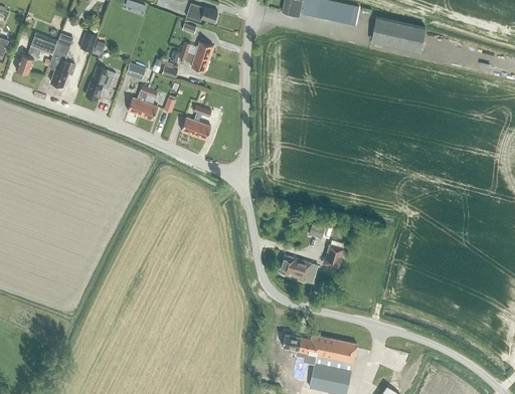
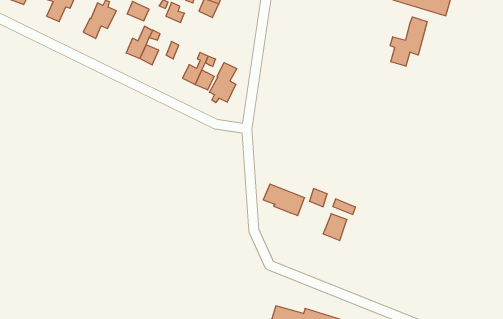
building: none -> [390,17,427,66]
building: none -> [209,63,237,103]
building: [280,255,318,282] -> [263,184,305,216]

